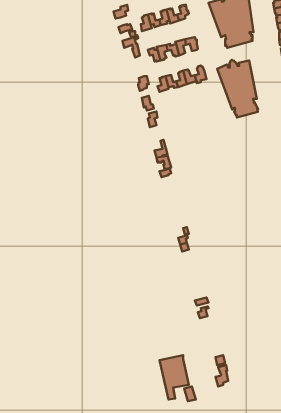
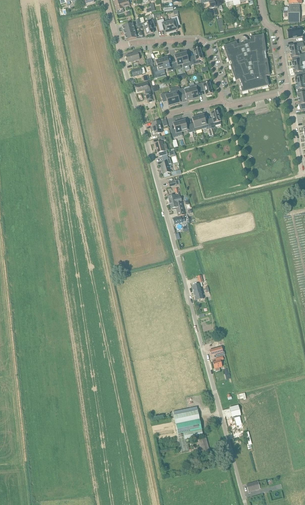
building: [217,60,258,117] -> none

